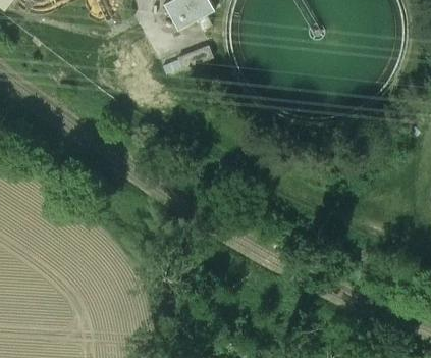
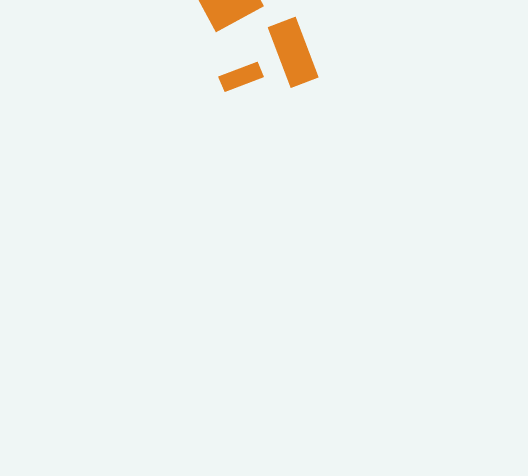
building: none -> [266,16,320,89]

